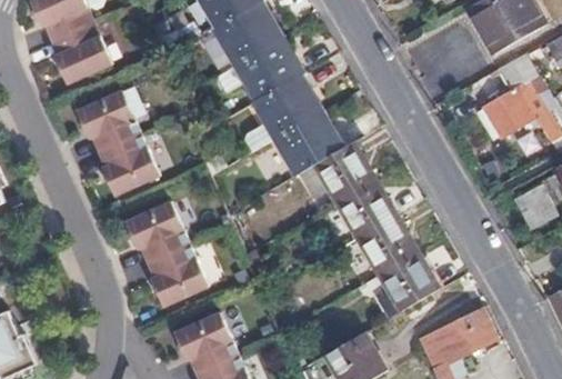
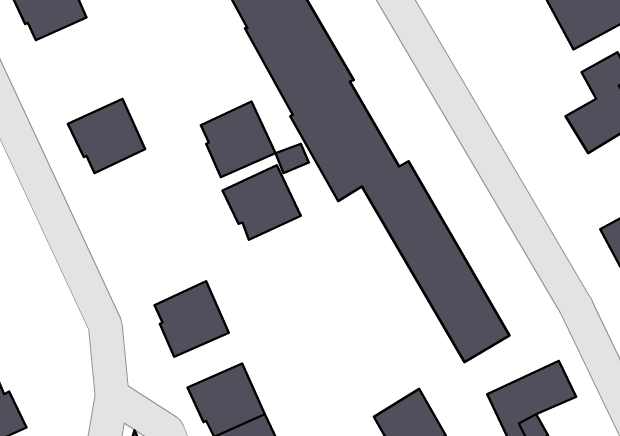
building: [44,23,106,86] -> none
building: [93,133,155,197] -> [201,101,275,177]
building: [121,201,187,263] -> [222,165,301,240]

